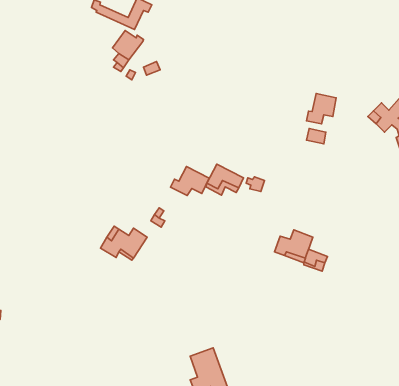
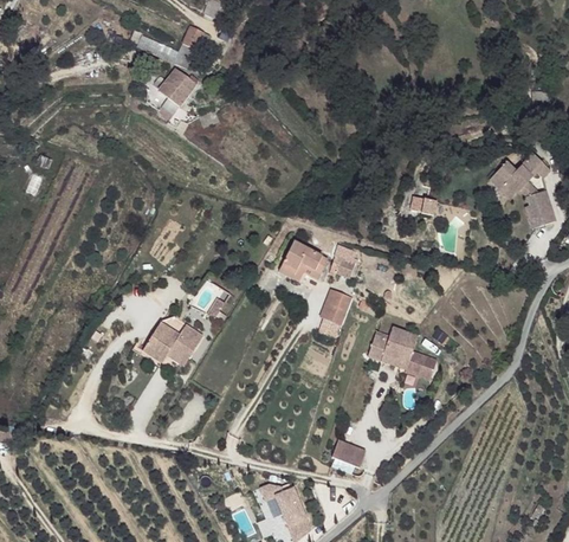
building: [307,94,336,124] -> none
building: [171,167,209,196] -> none
building: none -> [323,289,353,324]
building: none -> [332,439,367,465]

